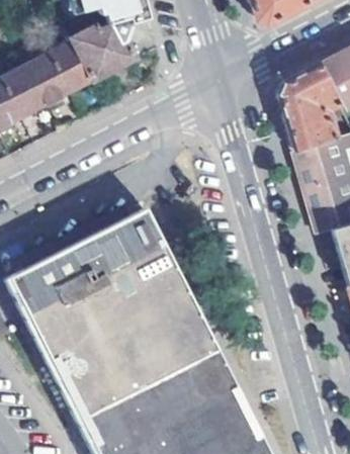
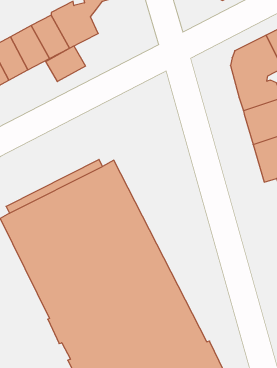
building: none -> [46,46,85,82]

